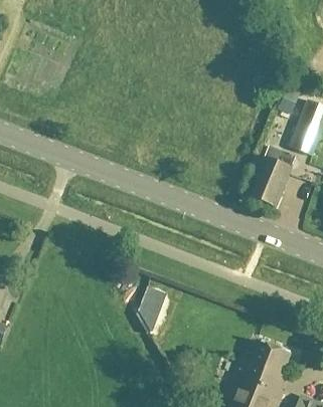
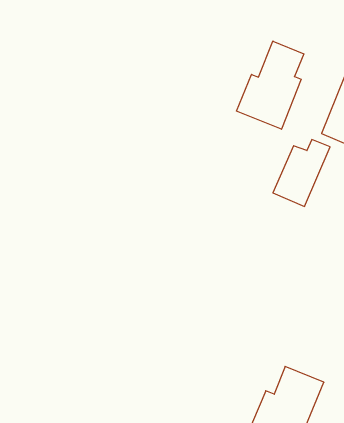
building: none -> [236,41,304,129]
building: [136,290,164,332] -> none

